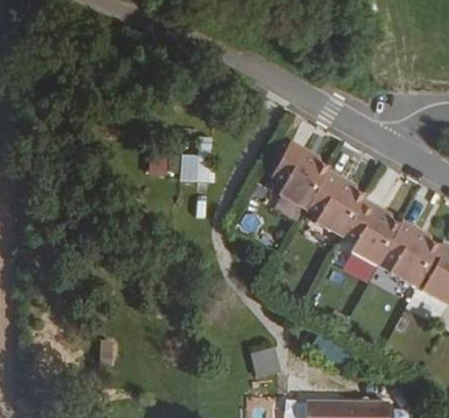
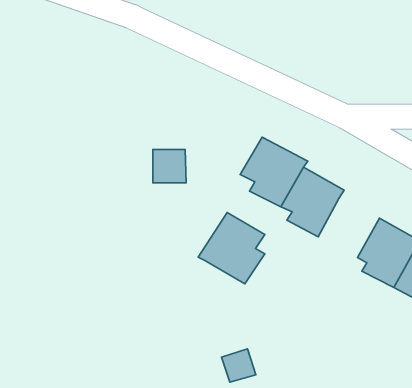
building: [342,199,402,266] -> none
building: none -> [198,212,265,284]

